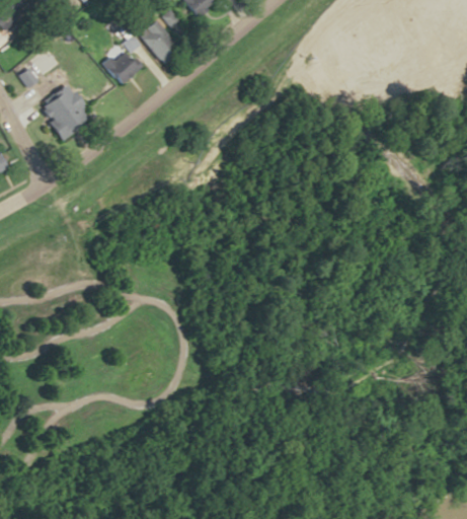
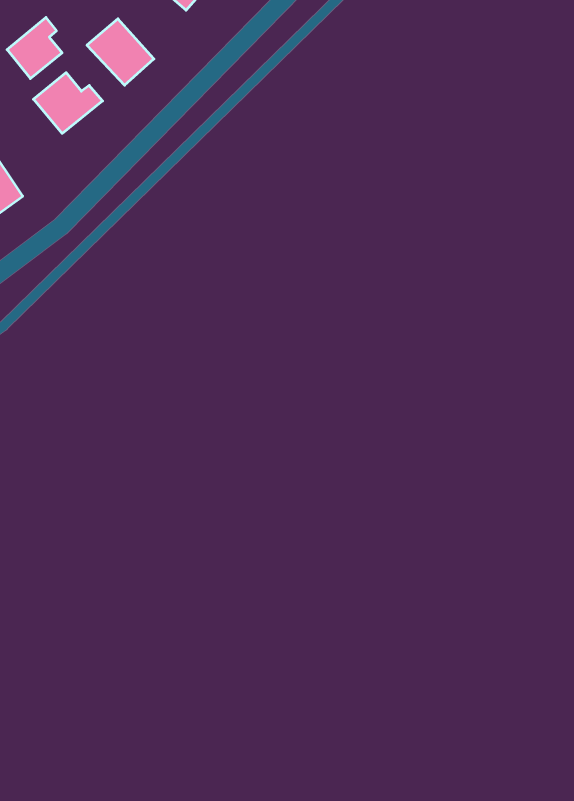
building: none -> [7,17,62,79]

